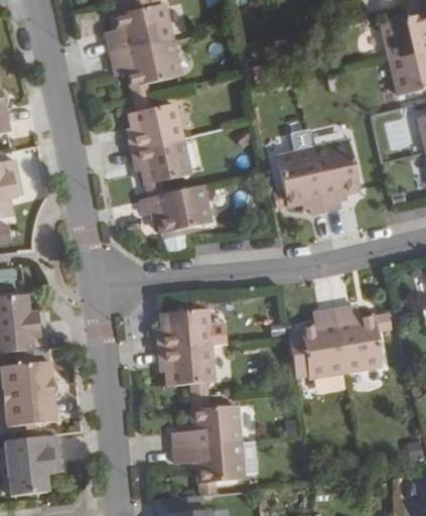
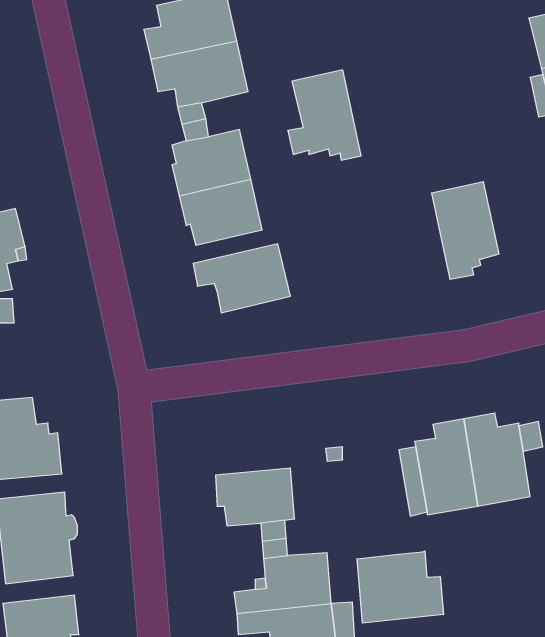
building: [271,148,323,213] -> [288,70,361,160]
building: [153,308,209,350] -> none
building: none -> [357,551,443,623]

